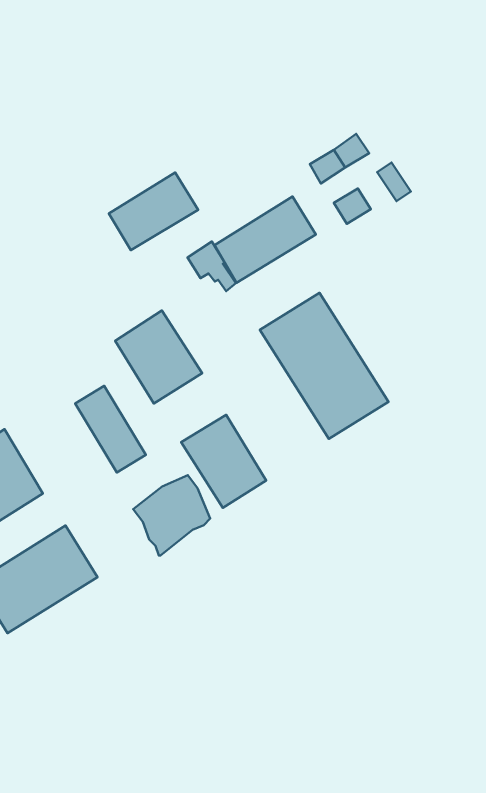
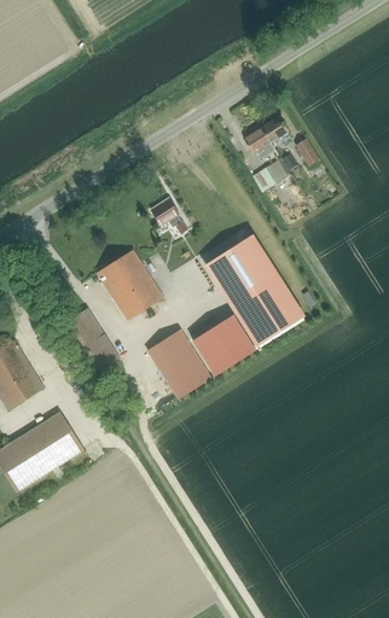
building: [109,173,198,250] -> none
building: [215,197,316,283] -> none
building: [133,475,210,556] -> [190,307,248,367]

